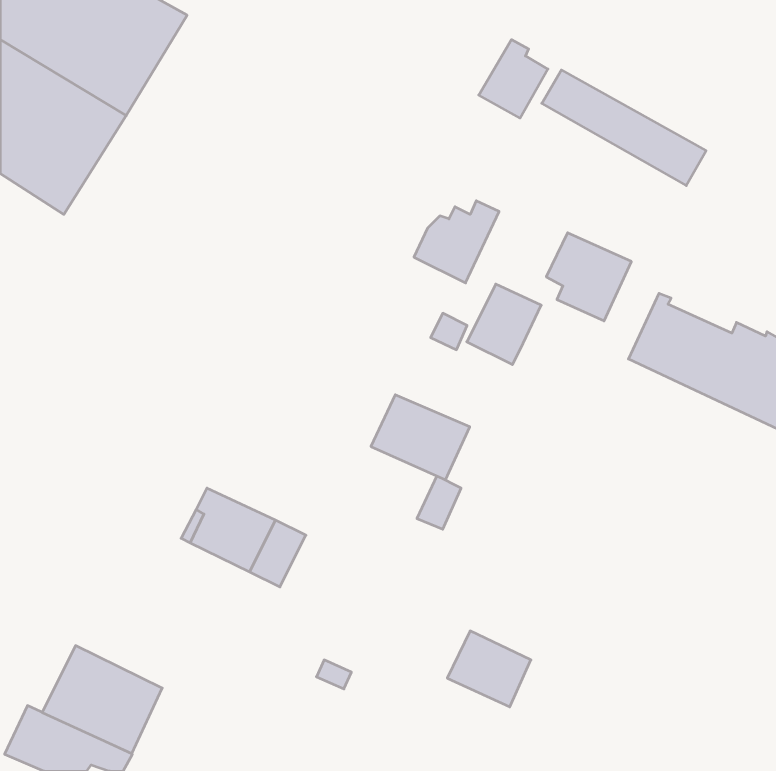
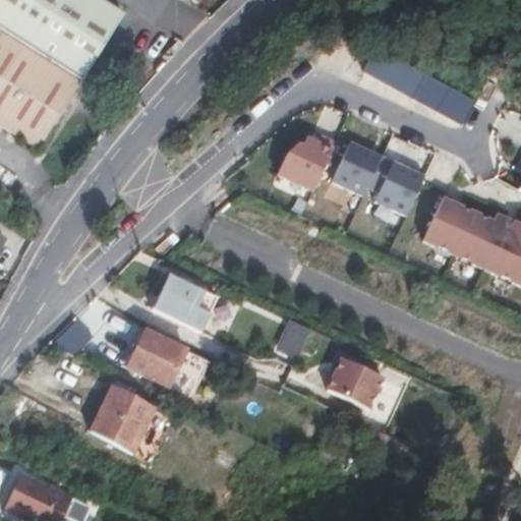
building: [479,40,548,118] -> none
building: [467,284,541,365] -> [331,141,381,195]
building: [371,395,470,480] -> [152,274,218,331]
building: [447,631,531,707] -> [326,356,382,407]
building: [42,646,162,753] -> [91,382,171,454]

